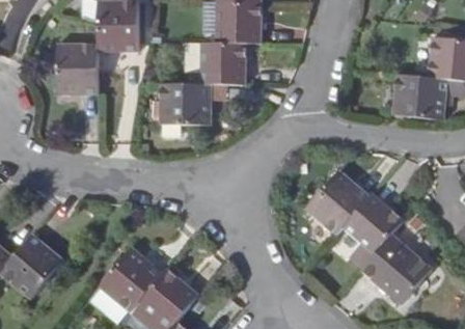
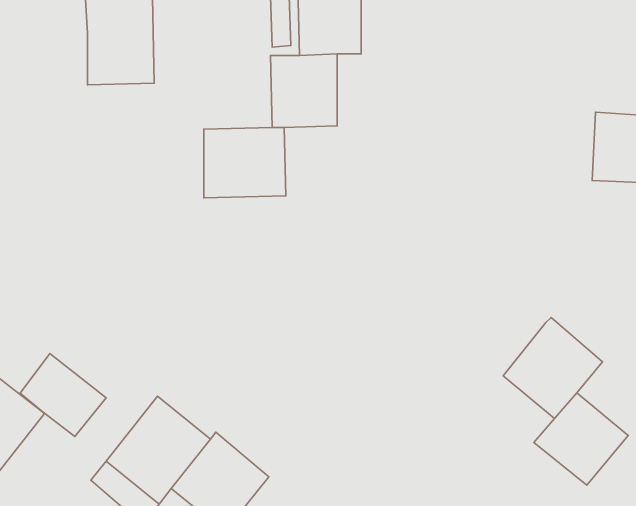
building: [51,51,92,103] -> none
building: [306,177,370,241] -> none
building: none -> [20,353,106,437]

